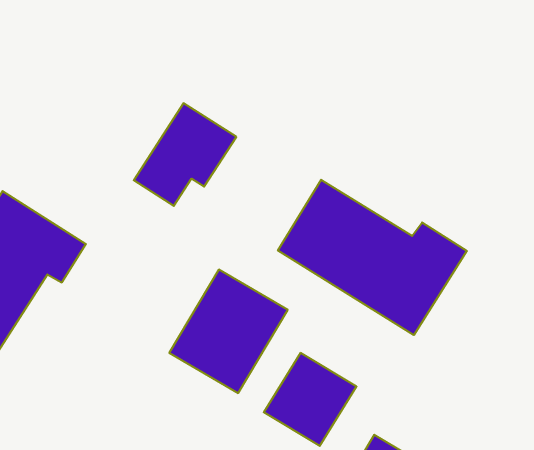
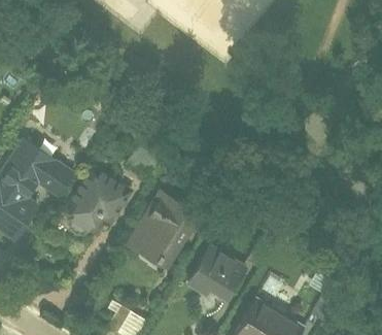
building: [134,103,236,206] -> [66,167,132,233]
building: [278,180,467,335] -> none

